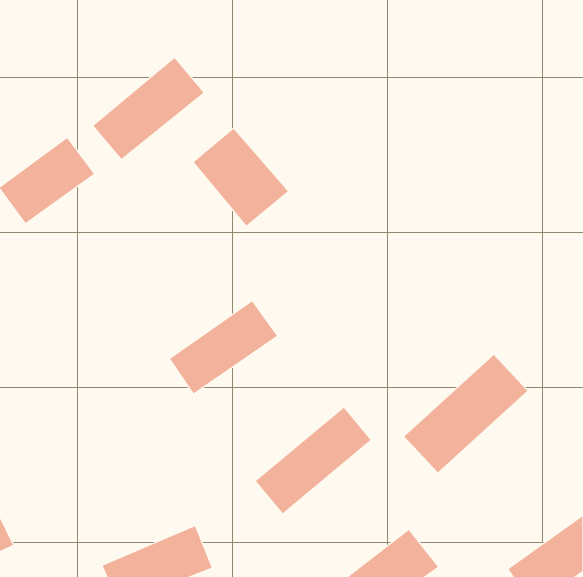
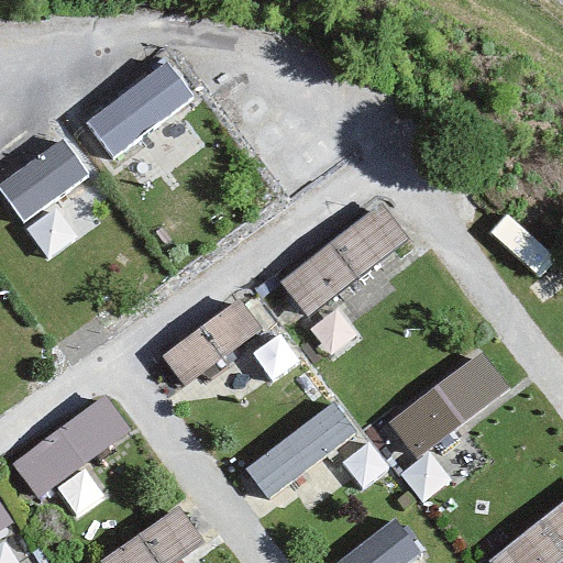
building: [193,128,289,226] -> none
building: none -> [278,201,411,323]
building: none -> [12,393,132,500]

